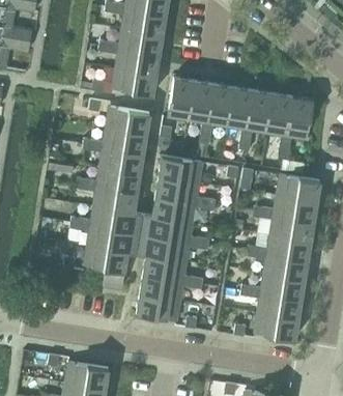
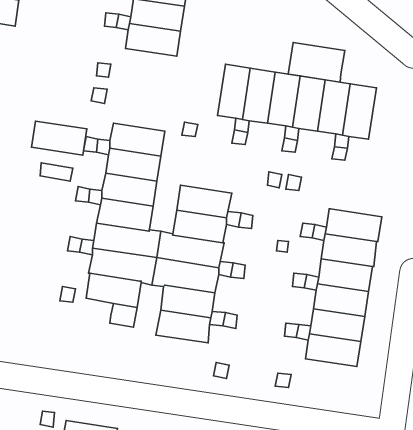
building: none -> [288,43,345,82]
building: [112,68,155,95] -> none
building: [167,77,194,121] -> none
building: [106,107,149,134] -> [31,121,87,155]
building: [159,155,202,182] -> none
building: [277,174,320,201] -> none
building: [136,294,180,321] -> none
building: [254,313,297,340] -> none

